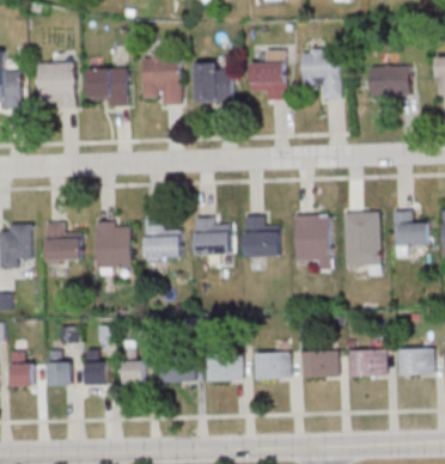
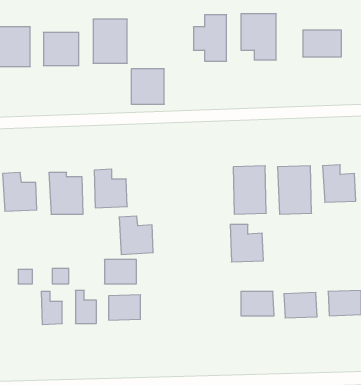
building: [195,63,231,102] -> [131,69,164,104]
building: [194,214,231,256] -> [119,216,153,255]
building: [244,215,280,256] -> [230,224,263,262]
building: [49,350,72,386] -> none
building: [255,352,291,379] -> none
building: [207,354,242,380] -> [104,260,136,284]

